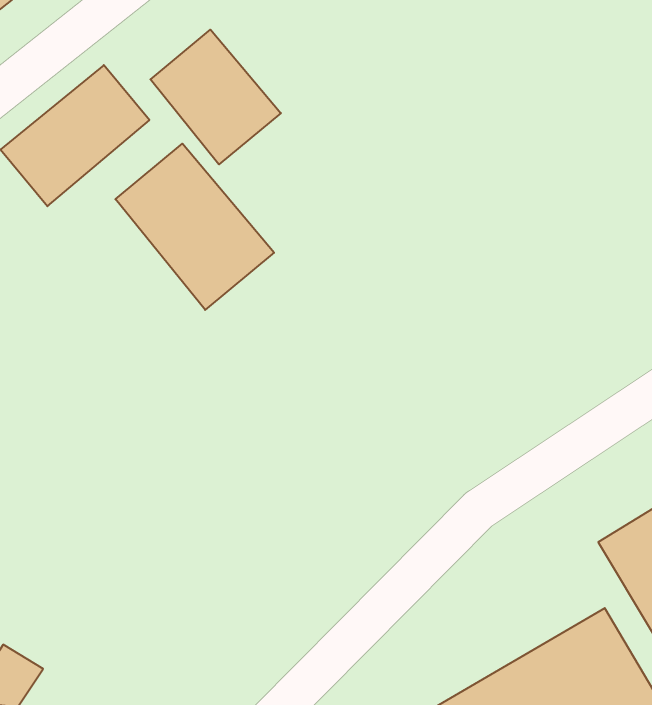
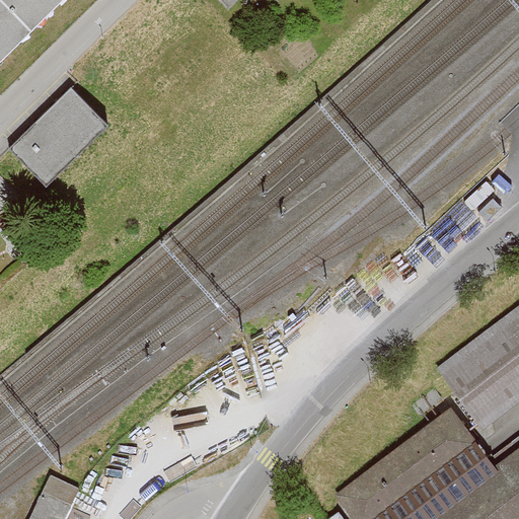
building: [150,30,281,164] -> none
building: [115,144,274,310] -> none

